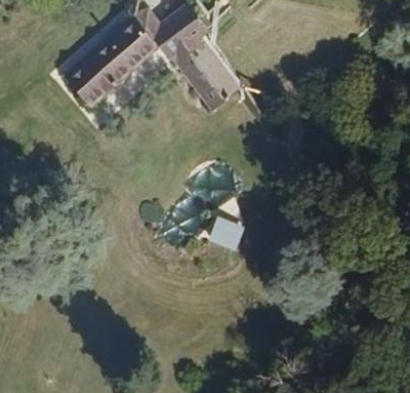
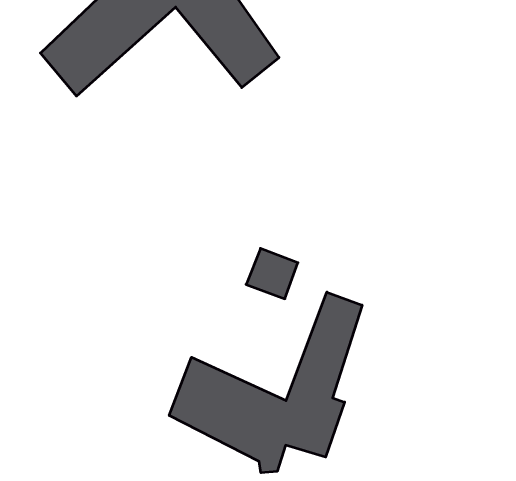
building: none -> [169,292,362,473]

